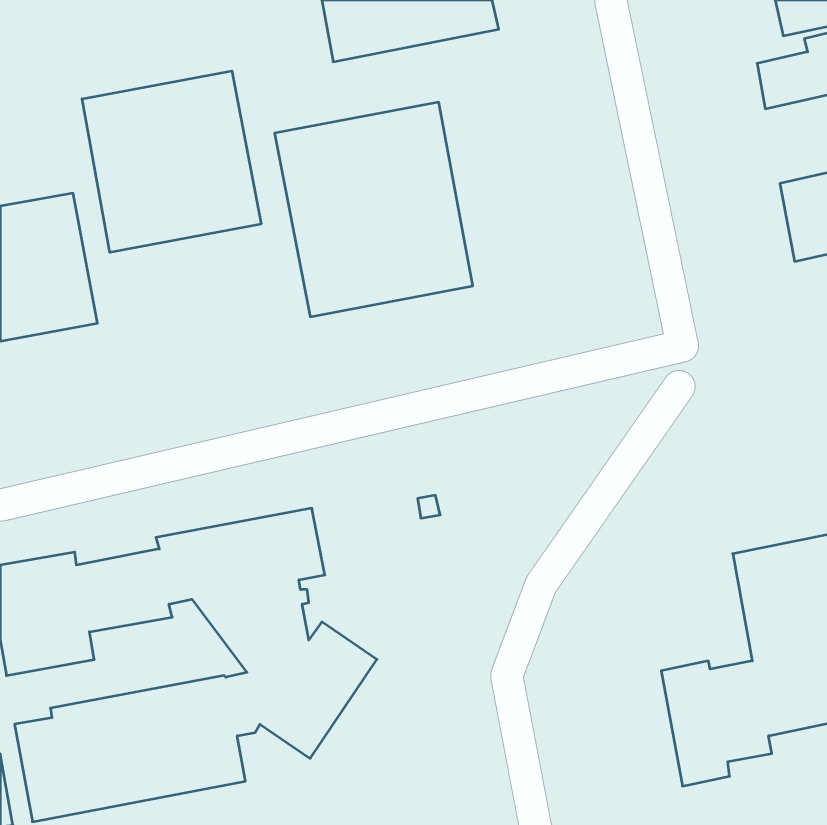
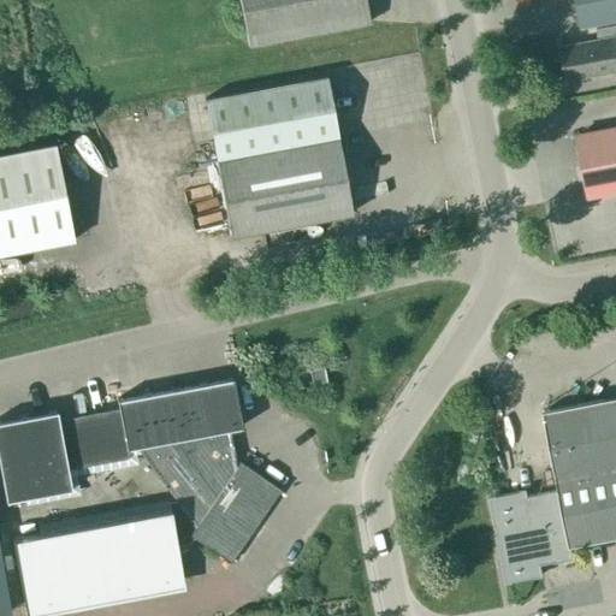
building: [82,71,261,252] -> none

